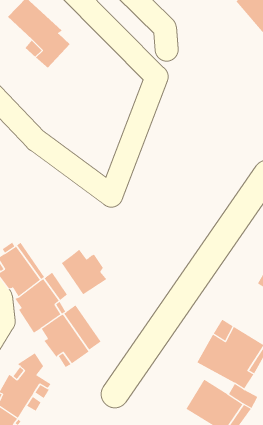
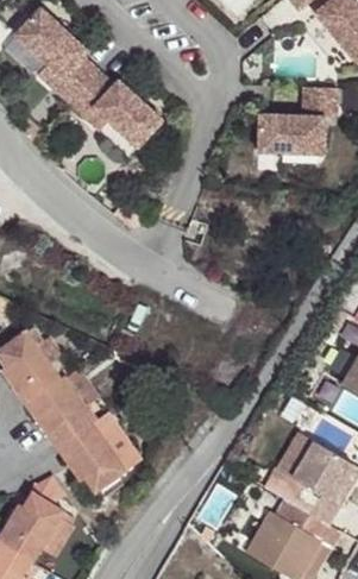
building: none -> [68,70,161,147]
building: none -> [256,88,337,155]
building: [61,249,107,295] -> none

